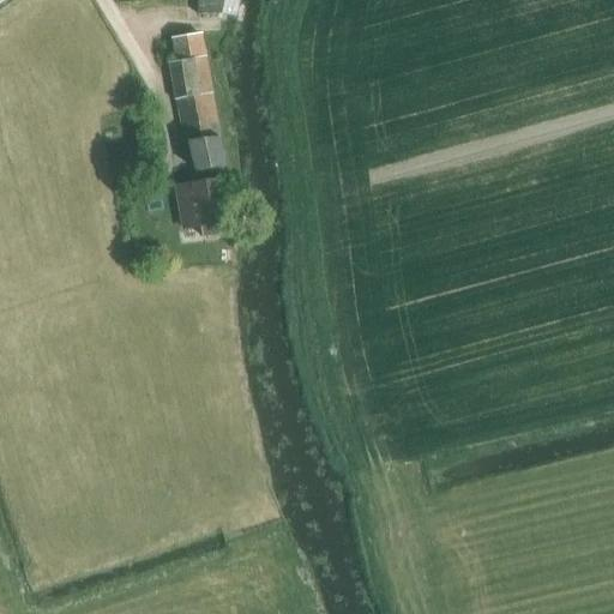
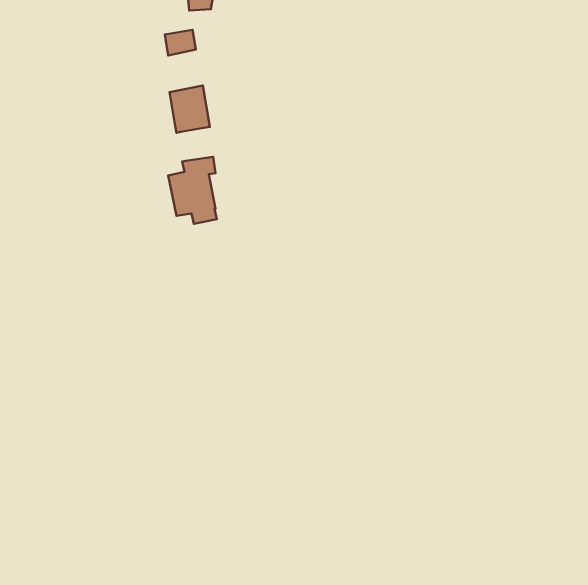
building: [168,52,211,96] -> none
building: [189,132,224,167] -> none

